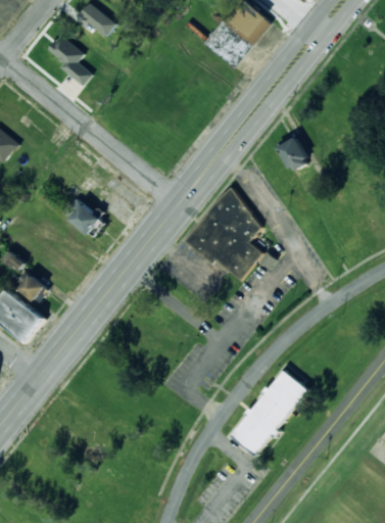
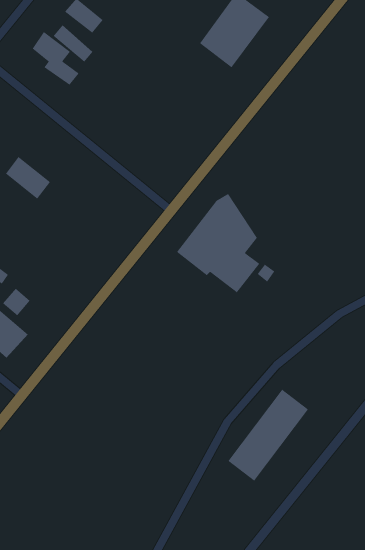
building: none -> [53,24,93,62]
building: [277,136,308,171] -> none
building: [61,195,104,236] -> [5,156,51,200]

